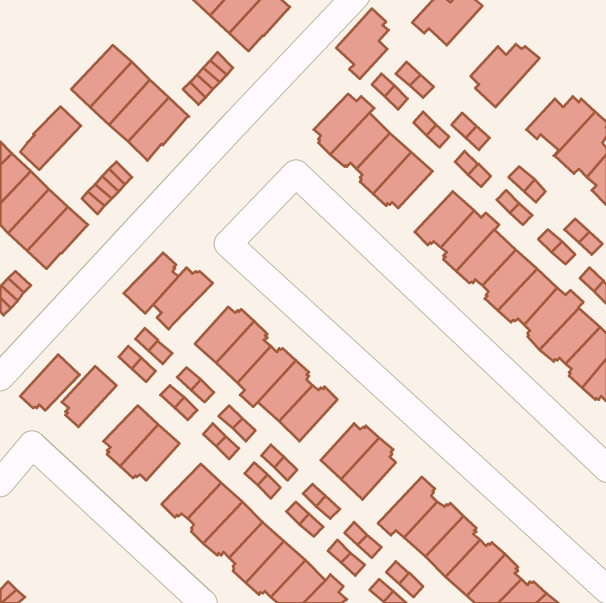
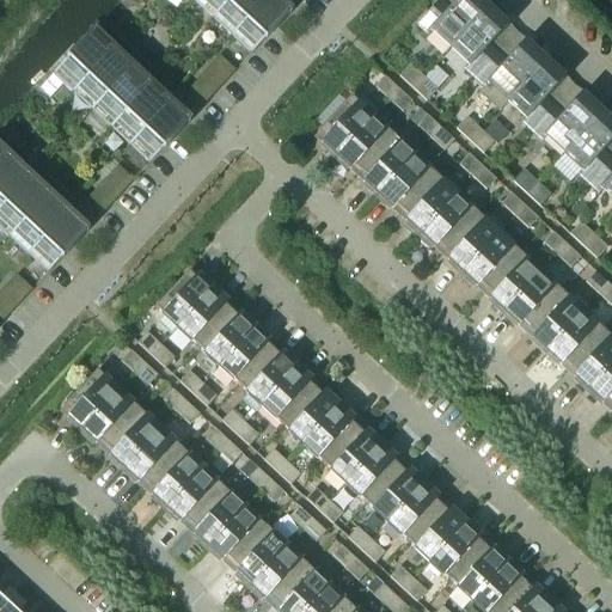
building: [336,9,389,79] -> [451,6,503,76]
building: none -> [500,59,559,130]
building: [20,107,81,170] -> [54,26,115,90]
building: none -> [402,172,457,233]
building: [124,253,178,313] -> [176,284,231,345]
building: [20,355,80,410] -> [80,387,140,443]
building: none -> [302,402,357,463]
building: none -> [148,446,203,507]
building: none -> [366,465,426,521]

